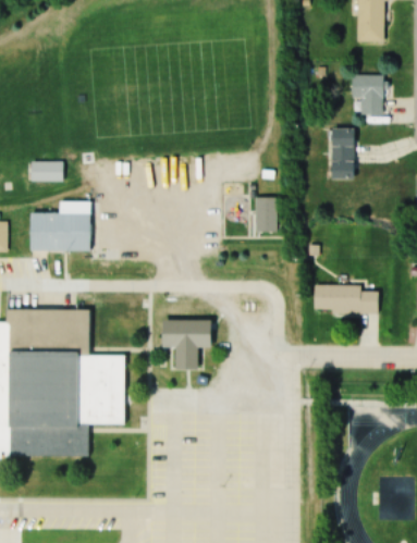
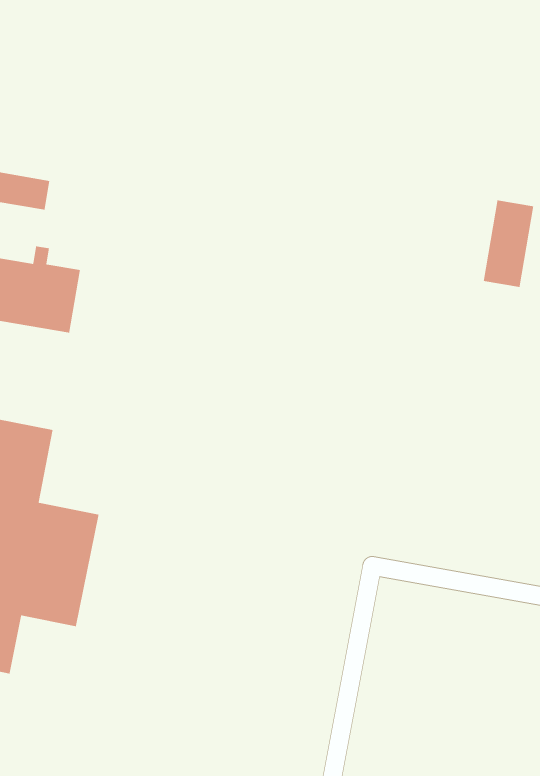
building: [255,198,277,232] -> none
building: [314,285,378,313] -> none
building: [162,321,211,370] -> none

